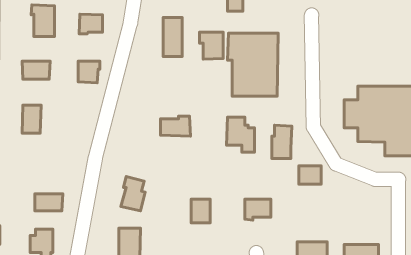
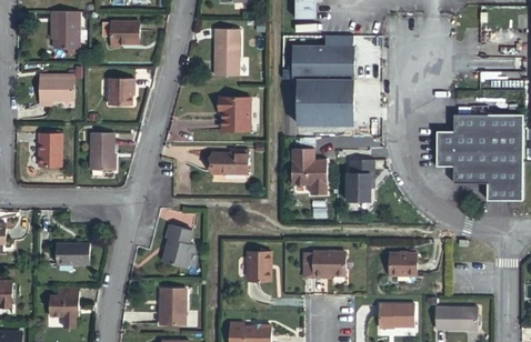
building: [200,32,223,59] -> [219,95,248,129]
building: none -> [92,134,116,172]
building: [299,166,321,184] -> [389,251,417,273]

